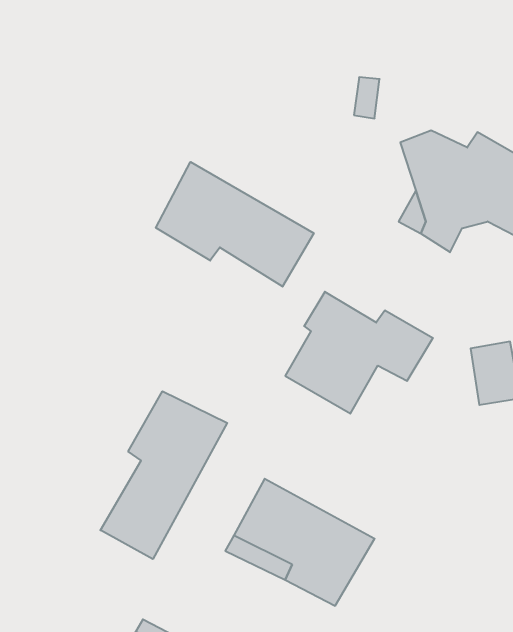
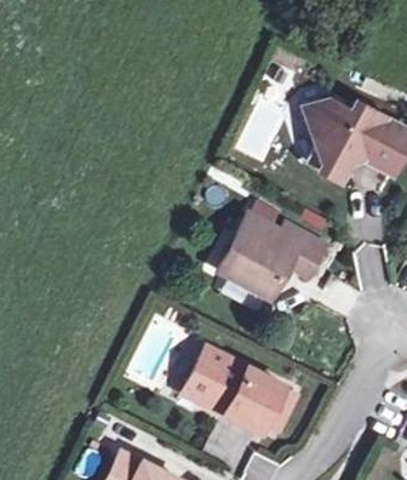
building: [156,162,314,287] -> none
building: [100,391,227,559] -> none

